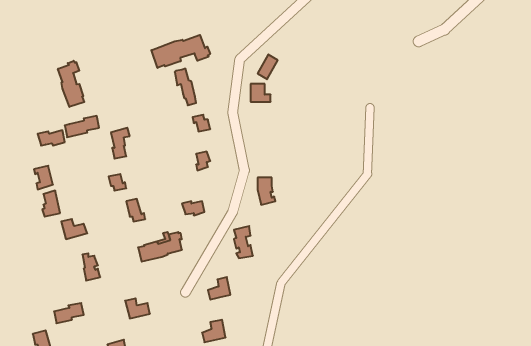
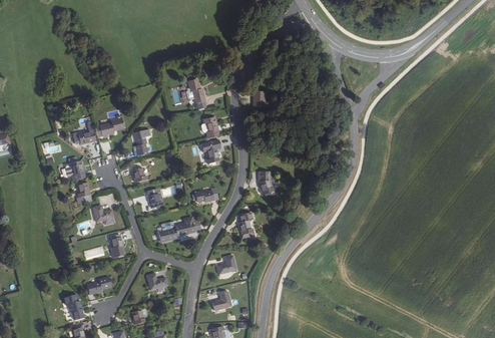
building: [151,35,210,68] -> none
building: [58,61,84,107] -> none

